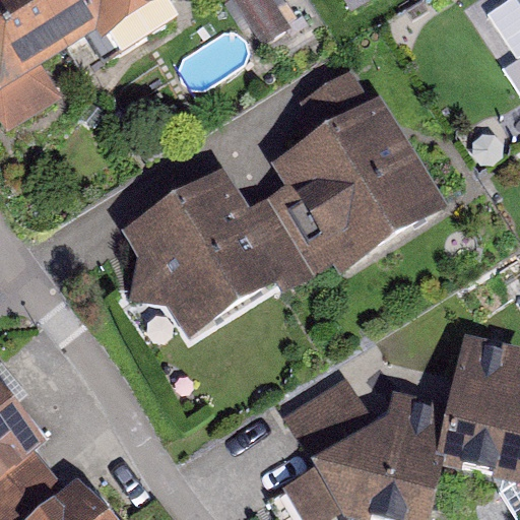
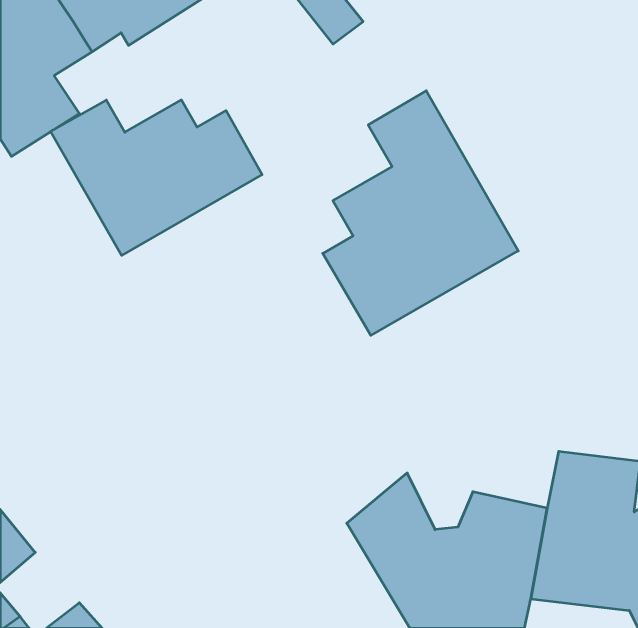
building: none -> [51,100,262,255]
building: [128,182,304,337] -> none

